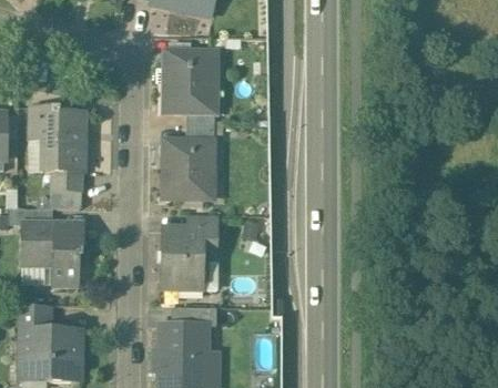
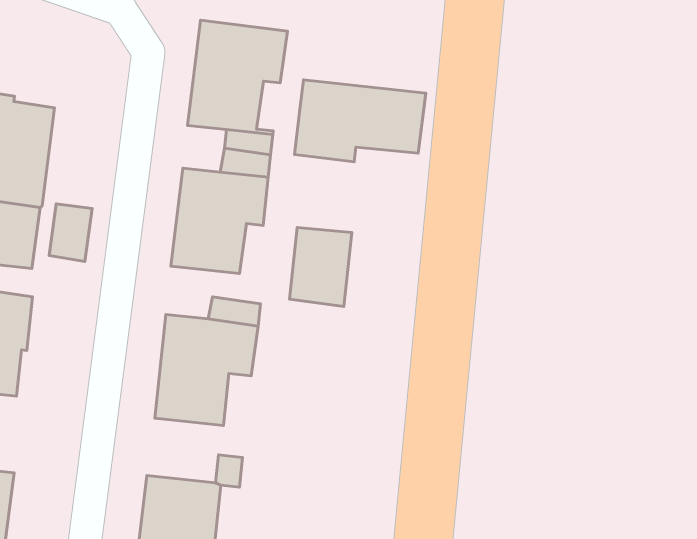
building: none -> [294,80,426,162]
building: none -> [290,227,352,307]
building: none -> [49,204,92,262]

